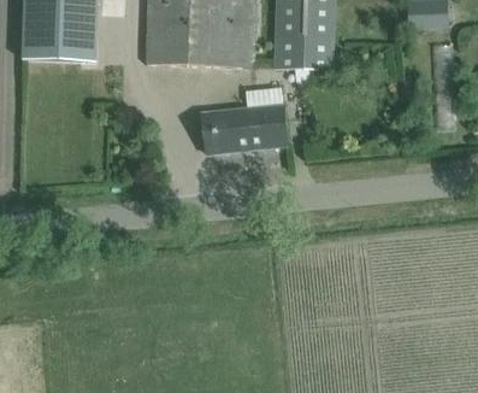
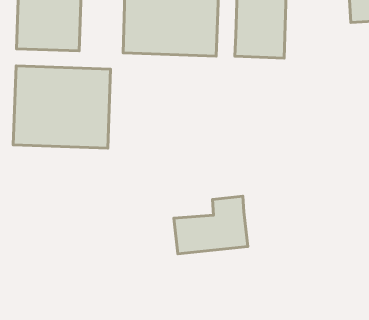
building: none -> [13,66,111,148]
building: [201,86,287,152] -> [174,196,248,254]

